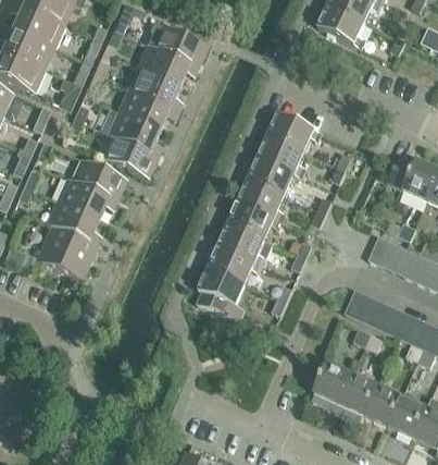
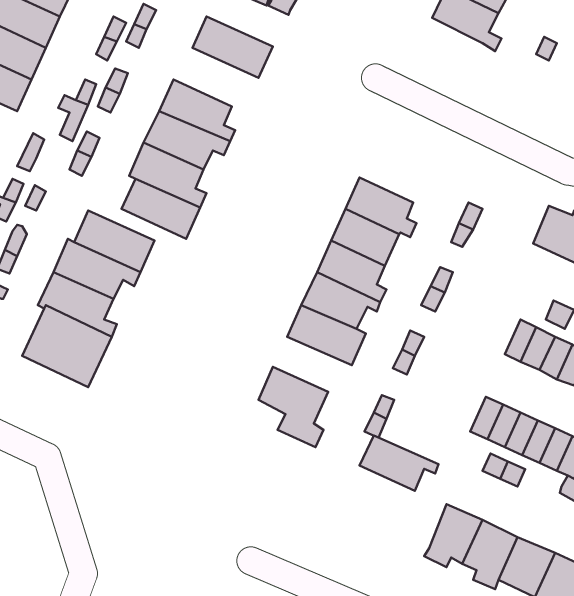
building: [139,46,198,87] -> none
building: [267,112,324,154] -> none
building: [208,246,262,284] -> [360,436,438,491]

